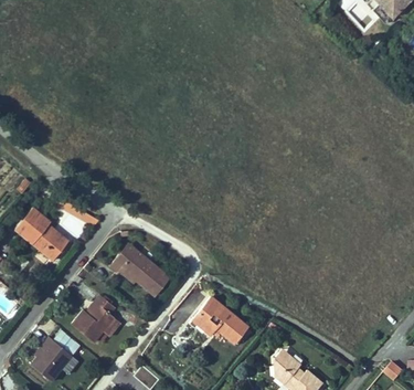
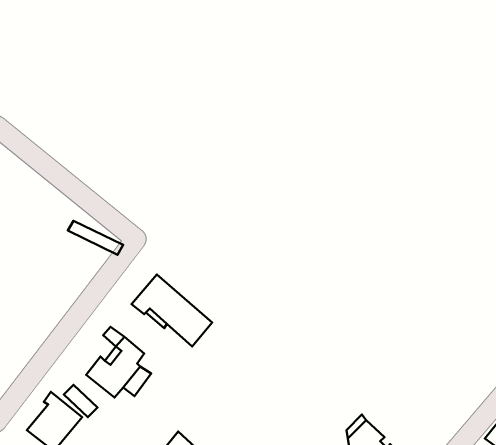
building: [13,208,68,264] -> none
building: [197,299,252,345] -> none

